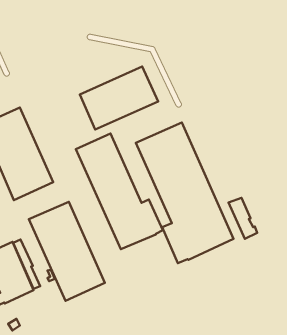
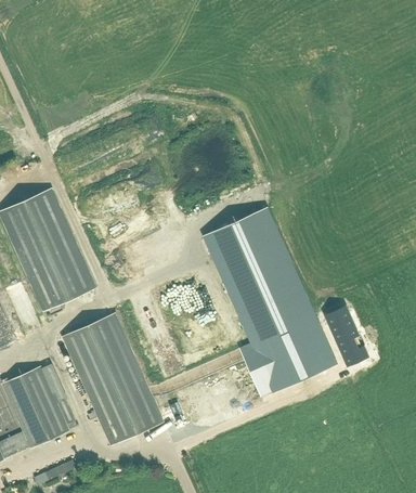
building: [80,67,158,130] -> none
building: [76,134,163,249] -> none

